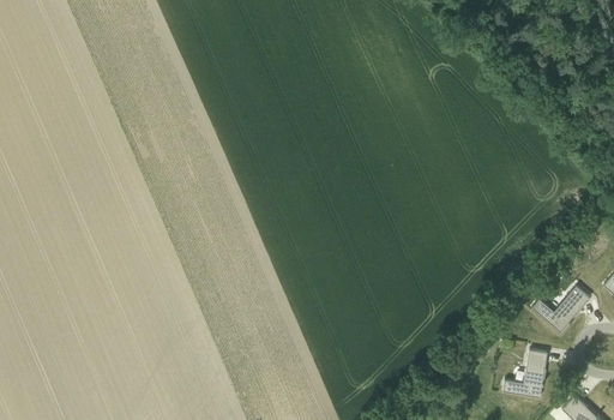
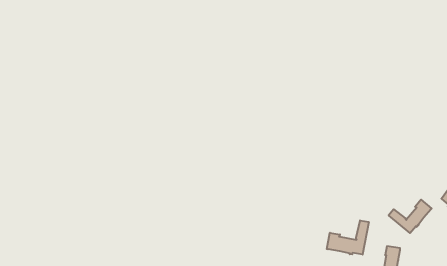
building: none -> [327,220,369,255]

